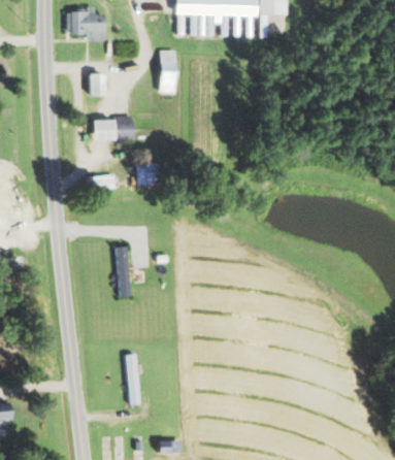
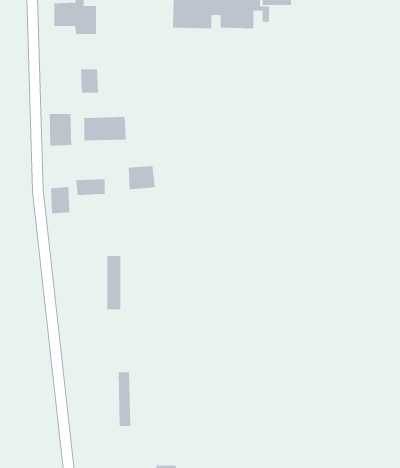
building: [158,48,179,93] -> none
building: none -> [49,113,72,146]
building: none -> [50,186,70,214]

